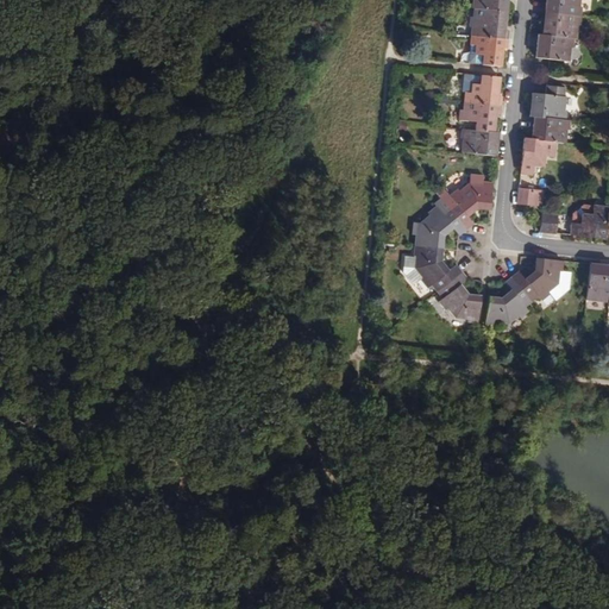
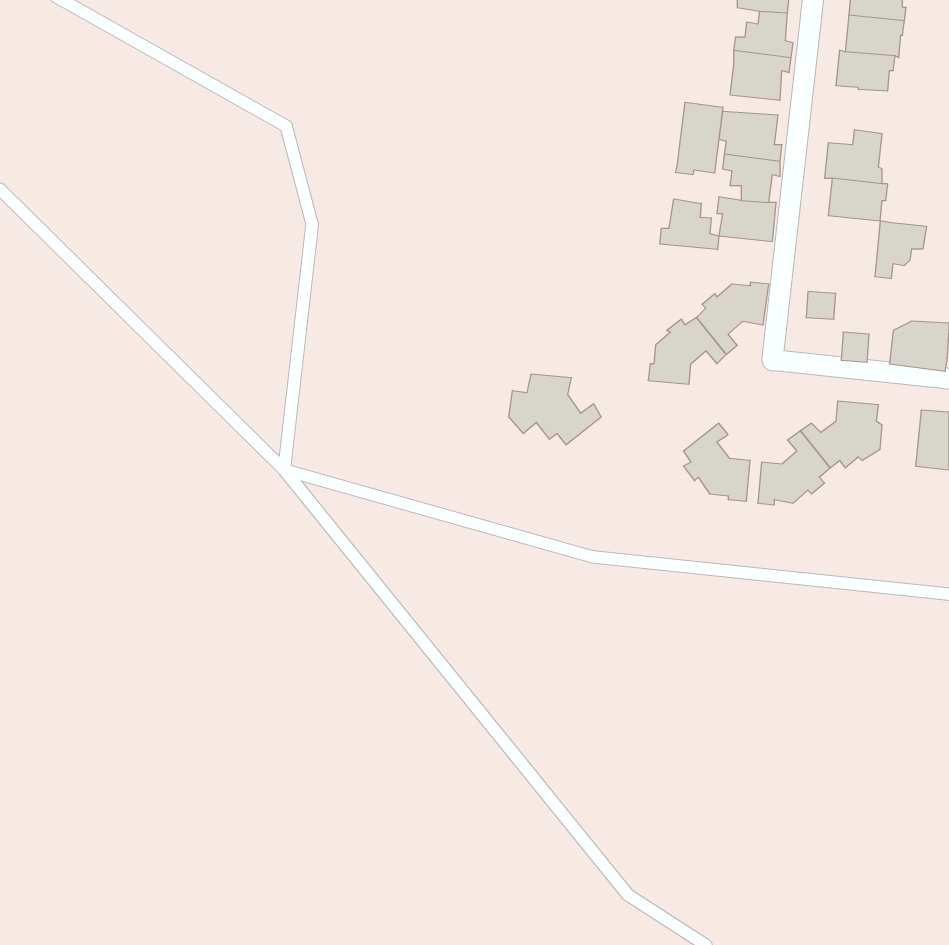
building: none -> [676,102,723,175]
building: none -> [660,199,719,250]
building: [520,137,553,174] -> [875,221,927,278]
building: [401,244,460,289] -> [508,374,601,445]

